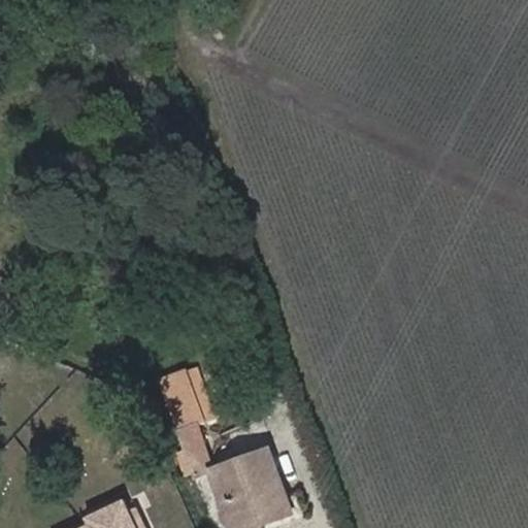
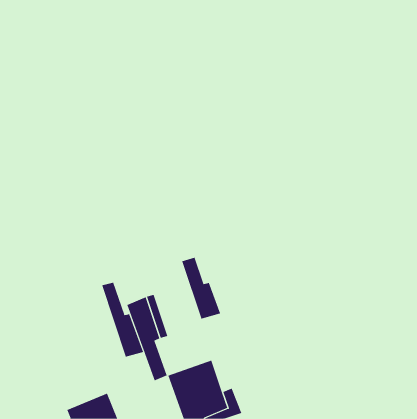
building: none -> [182,257,221,320]
building: none -> [101,282,144,358]

